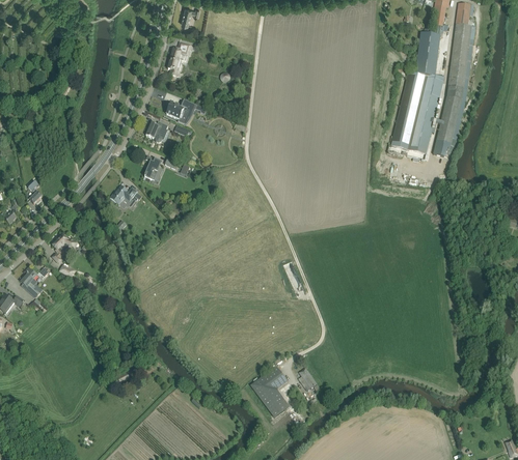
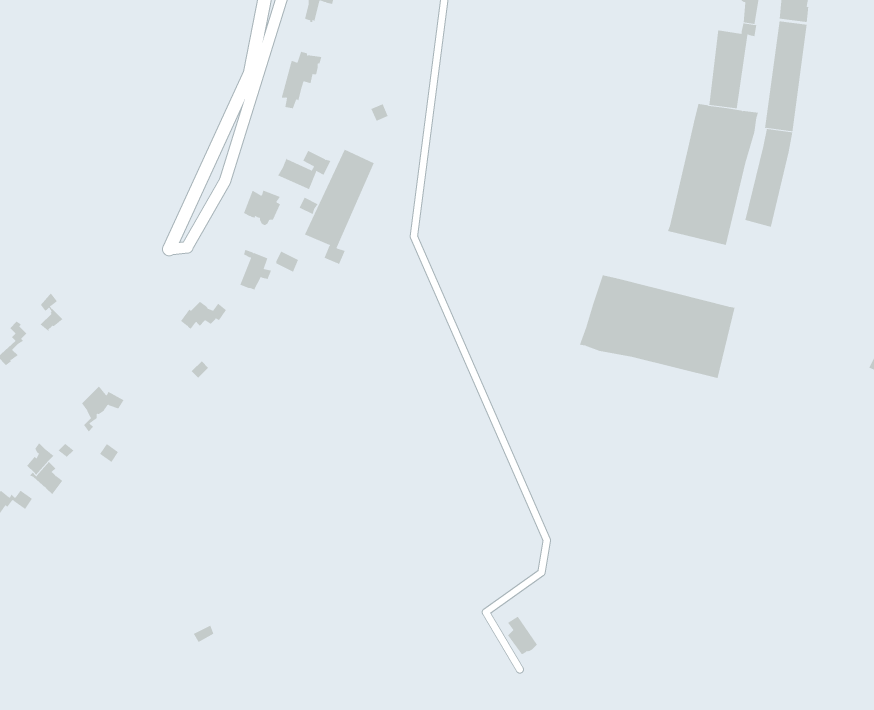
building: none -> [304,149,375,265]
building: none -> [579,274,735,379]
building: [251,367,289,411] -> none

